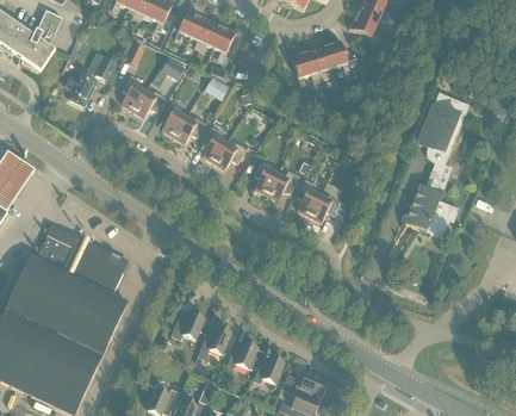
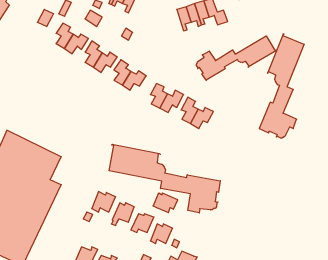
building: [62,70,97,105] -> none
building: none -> [196,36,276,80]
building: none -> [109,144,220,213]
building: [292,373,327,401] -> [153,193,178,213]

